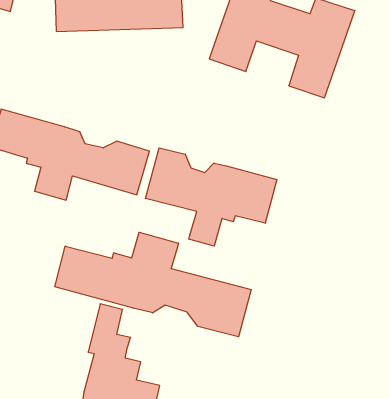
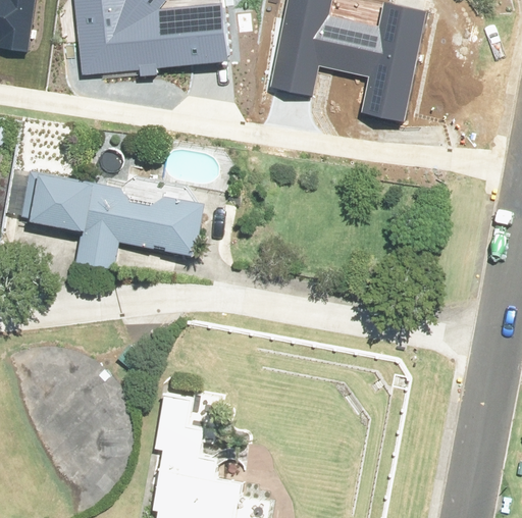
building: [145,148,277,246] -> none
building: [55,232,251,337] -> none

